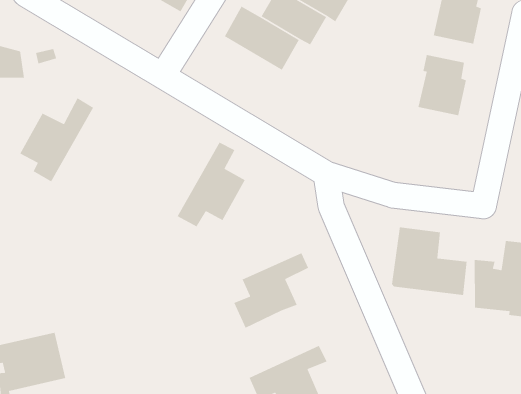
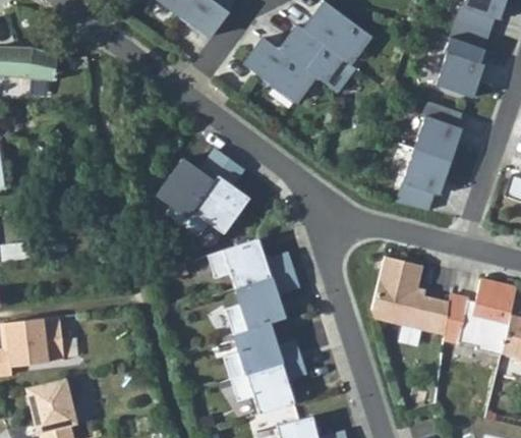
building: [19,97,94,183] -> [156,149,229,224]
building: none -> [396,150,451,210]
building: none -> [208,238,293,288]
building: none -> [223,322,299,379]

